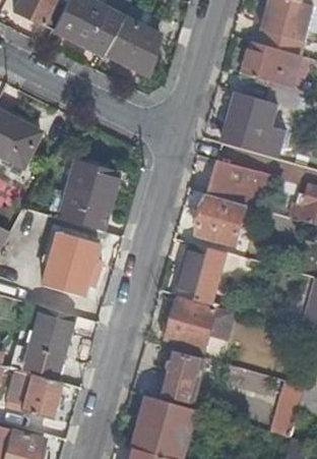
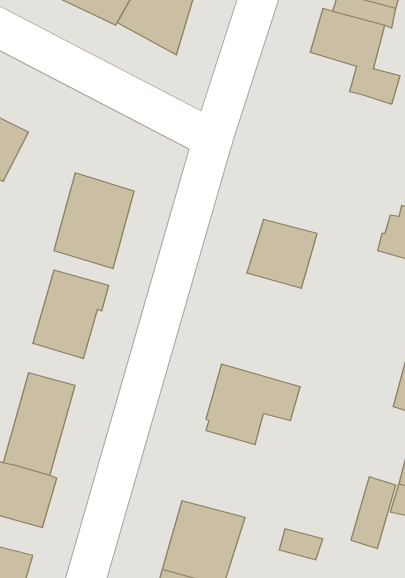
building: [224,93,287,159] -> none
building: [209,161,272,210] -> none
building: [180,242,227,304] -> none
building: [162,352,205,401] -> none

